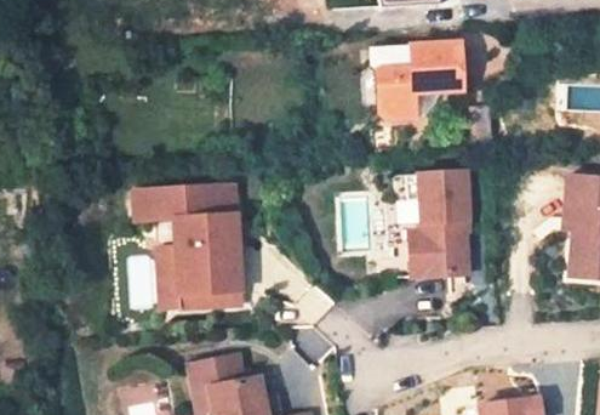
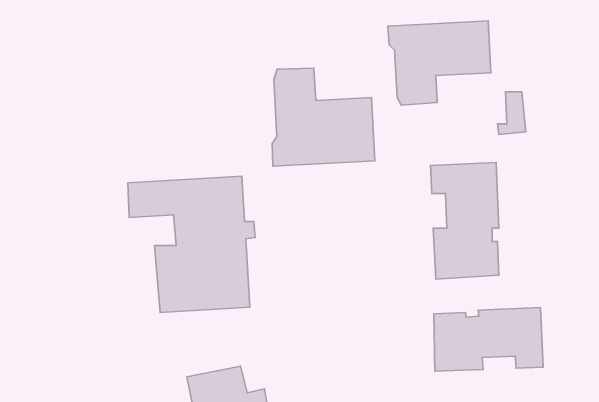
building: none -> [272,68,375,166]
building: none -> [434,308,543,371]

